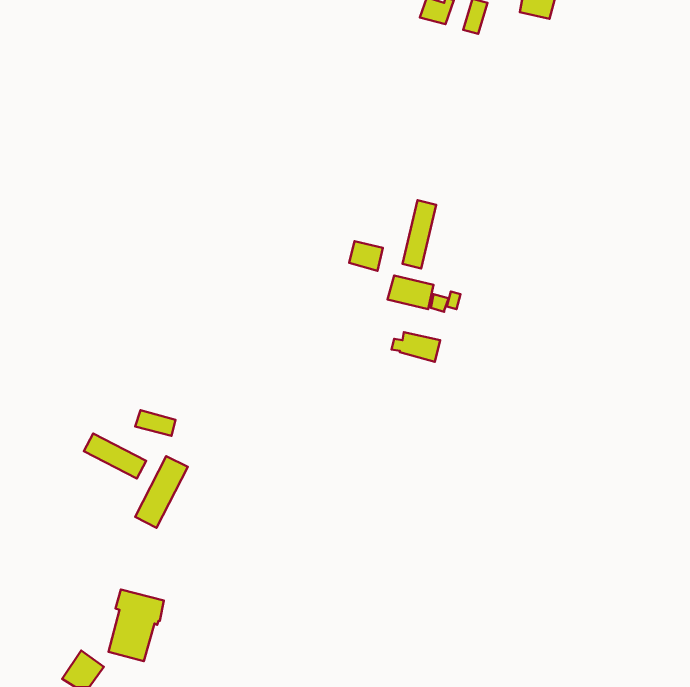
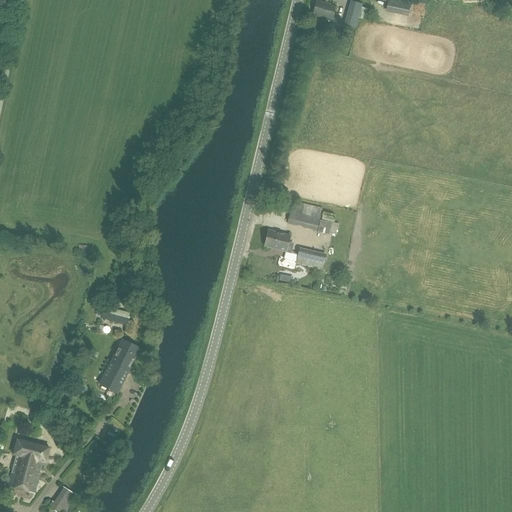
building: [403,200,436,268] -> none
building: [349,241,383,271] -> [265,228,290,250]
building: [84,434,146,478] -> none
building: [109,590,164,661] -> [8,438,49,491]

